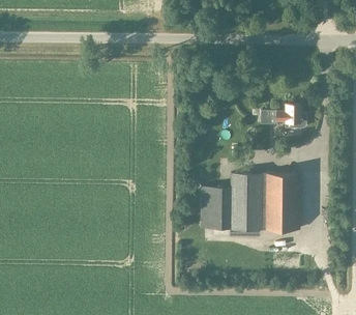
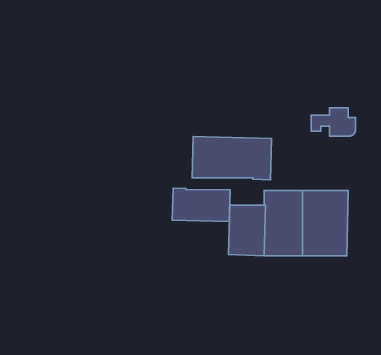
building: none -> [192,137,271,180]
building: none -> [172,188,230,222]

